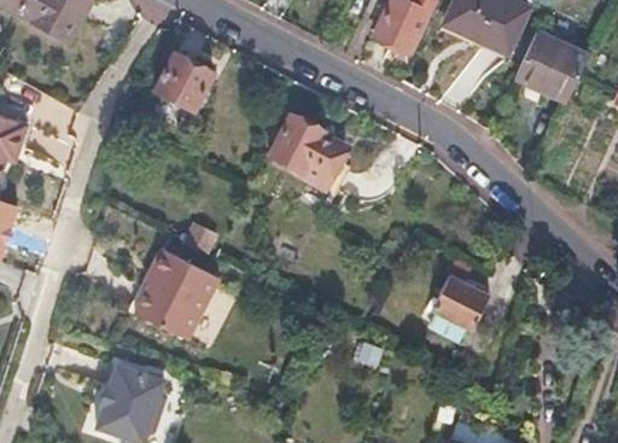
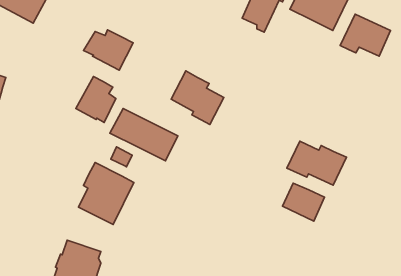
building: none -> [76,76,116,122]
building: none -> [110,109,178,161]
building: none -> [287,141,346,185]

